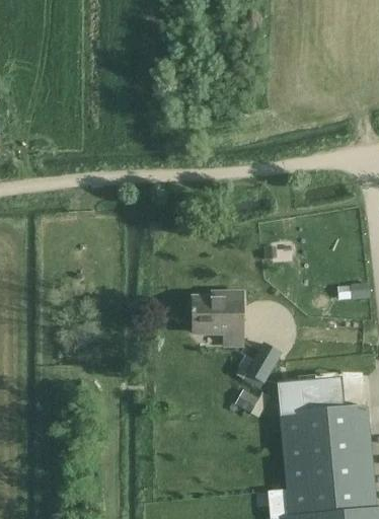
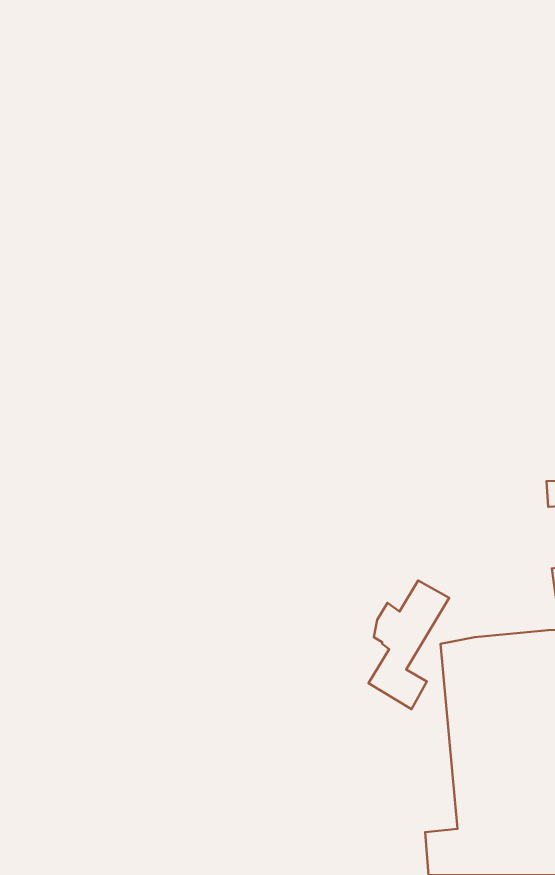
building: [188,297,242,348] -> none

